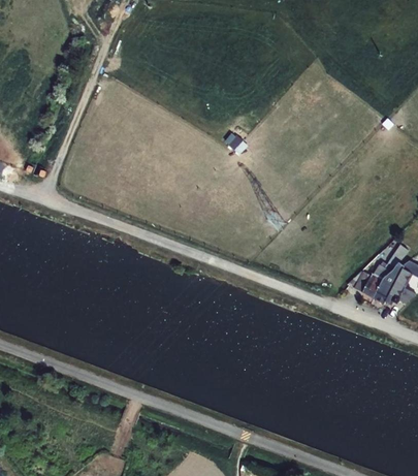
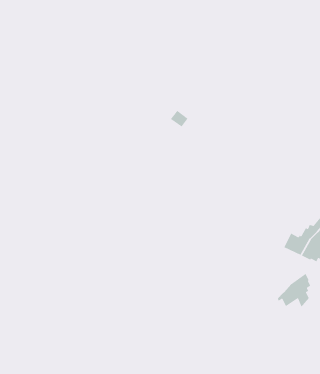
building: none -> [277,273,311,308]

